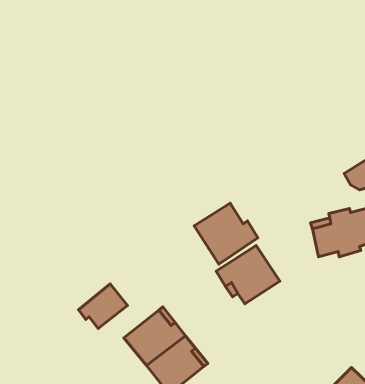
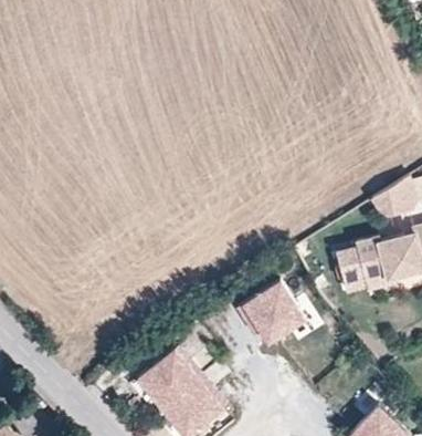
building: [194,203,258,264] -> none
building: [79,284,127,329] -> none

